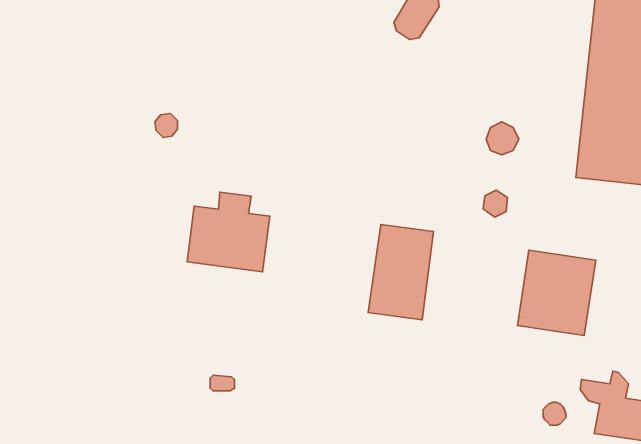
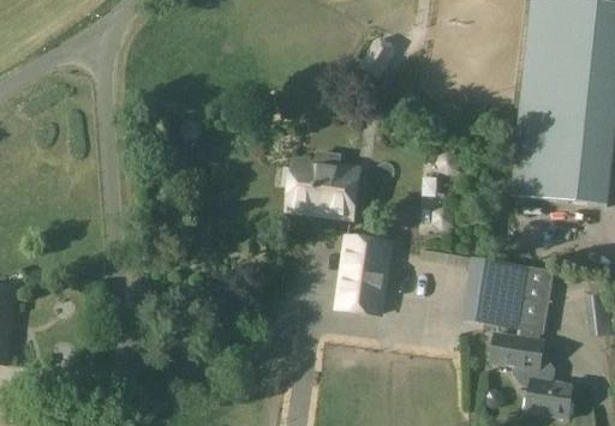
building: [187,192,270,272] -> [288,149,358,216]
building: none -> [518,264,554,332]
building: none -> [490,332,544,368]

